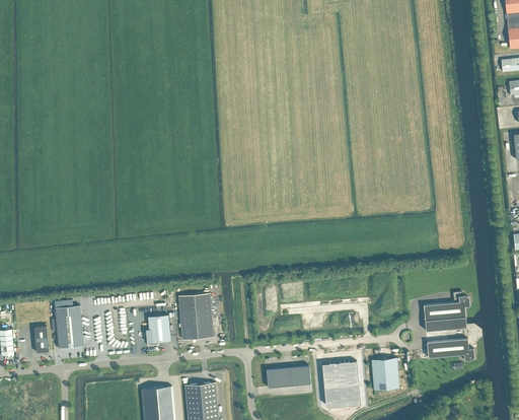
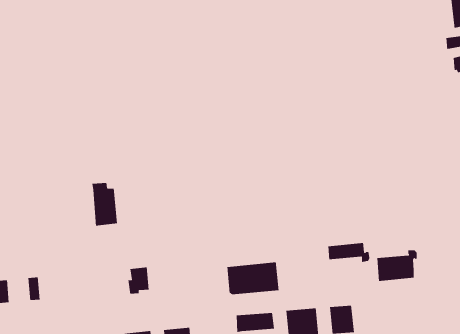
building: [178,294,214,340] -> none
building: [55,300,84,349] -> [92,183,118,226]
building: none -> [227,262,279,295]
building: [427,339,474,361] -> [327,242,370,262]

